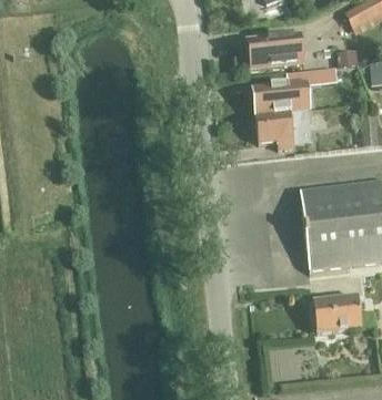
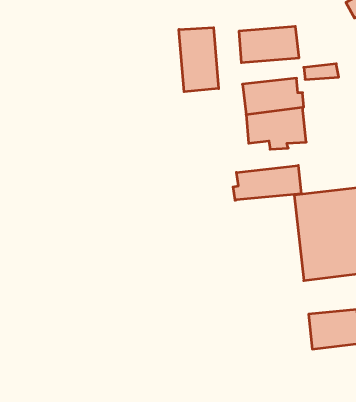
building: none -> [179,28,219,92]
building: none -> [233,165,301,200]

